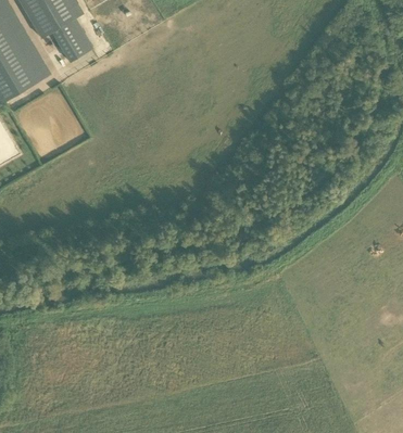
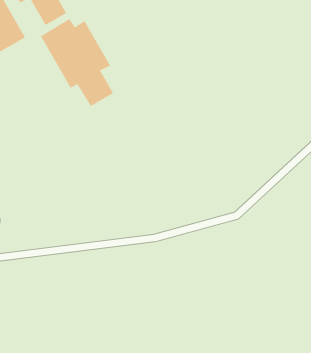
building: none -> [40,18,114,107]

